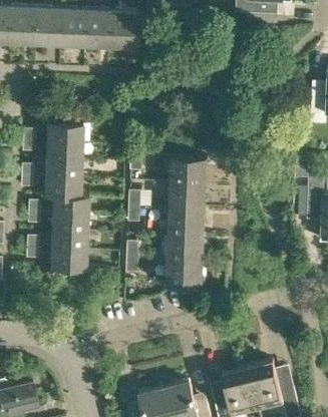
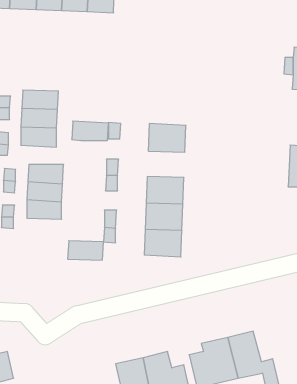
building: [44,177,80,196] -> [72,121,108,140]
building: [170,183,207,210] -> none
building: [50,250,85,269] -> [68,241,103,260]

